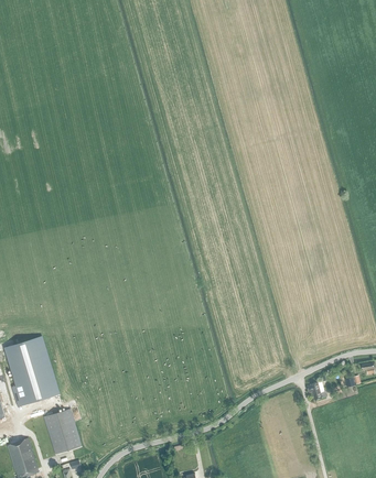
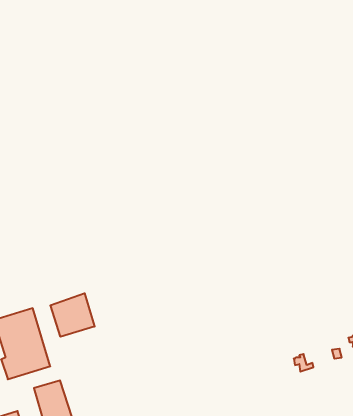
building: none -> [50,293,95,337]

